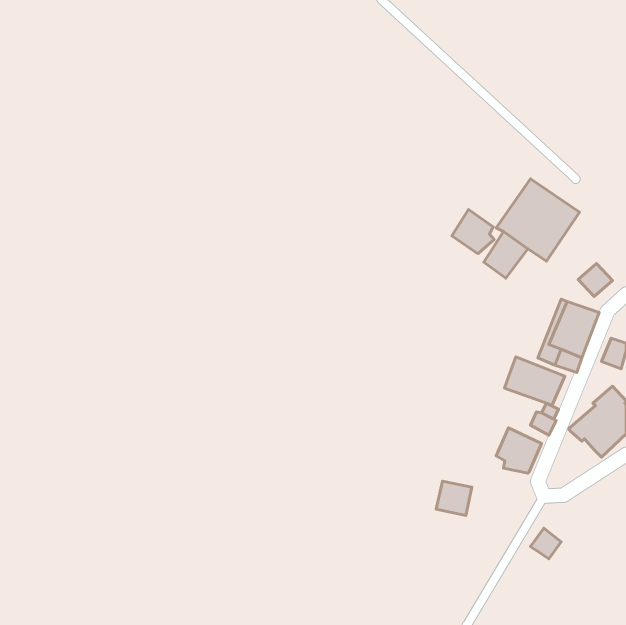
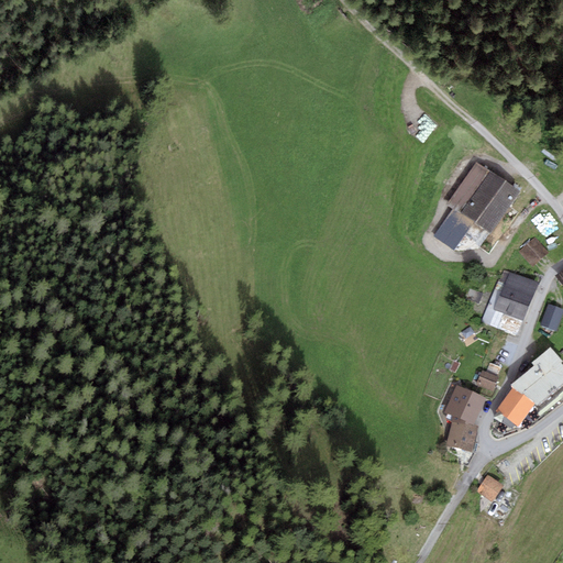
building: [452,209,494,253] -> none
building: [504,357,565,405] -> none
building: none -> [497,387,533,424]
building: [436,481,472,515] -> [446,420,478,451]

